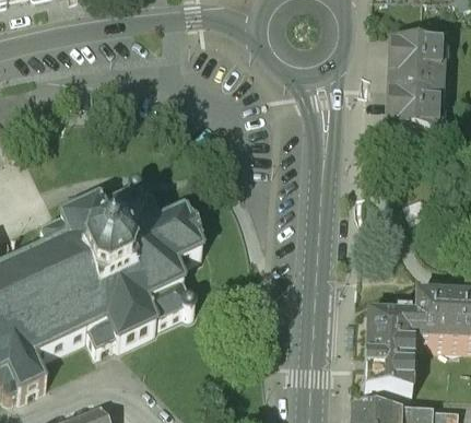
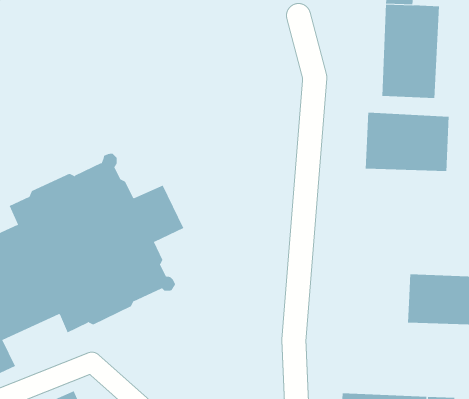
building: none -> [365,112,449,172]
building: [364,313,413,390] -> none

